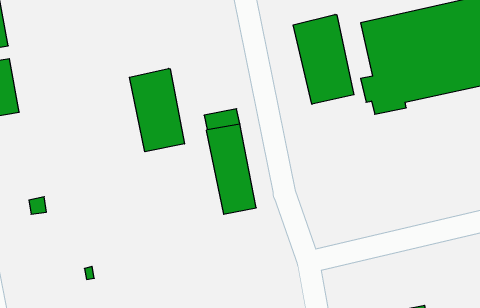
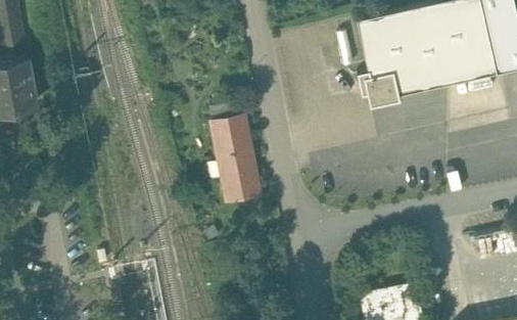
building: [293,14,354,104] -> none
building: [129,68,184,152] -> none

